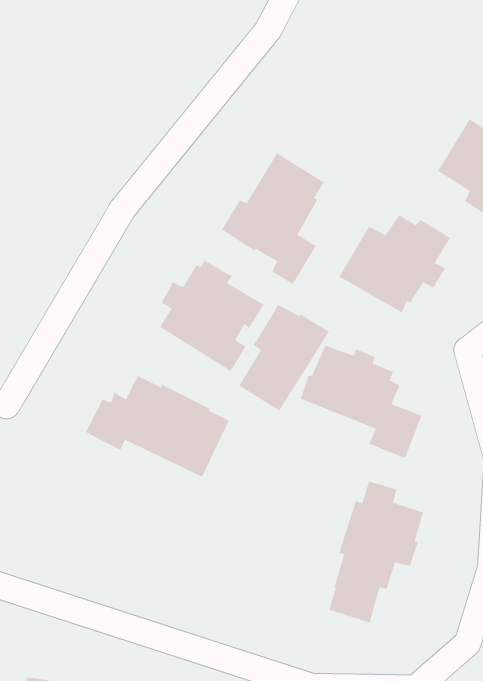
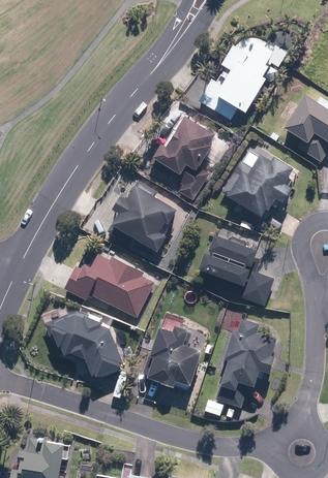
building: none -> [200,39,272,120]
building: [238,304,330,411] -> none
building: none -> [46,311,124,376]
building: none -> [144,327,201,386]

